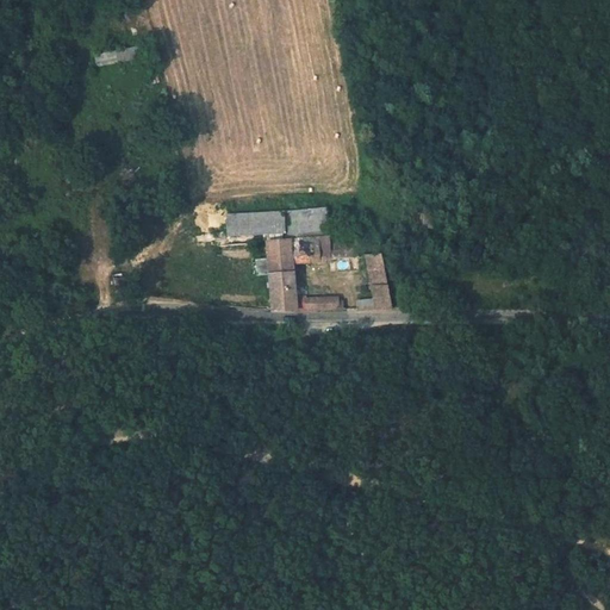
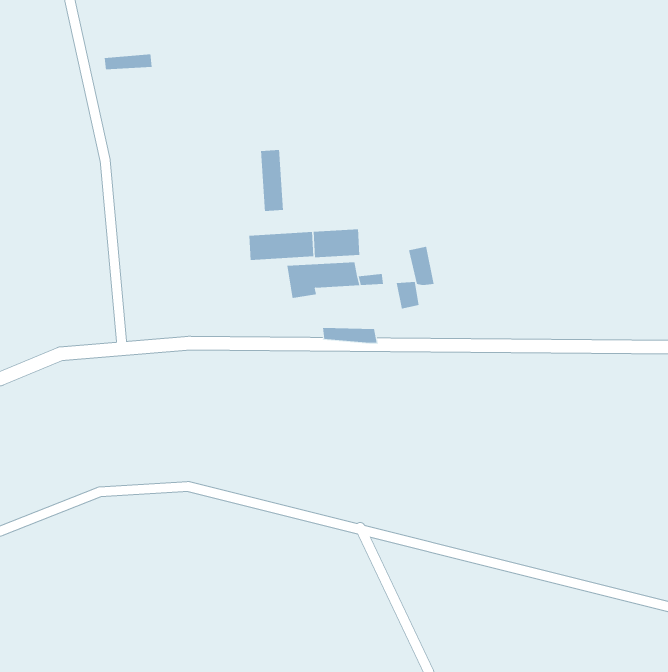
building: none -> [261,149,283,212]
building: [268,267,297,307] -> none
building: [367,276,391,312] -> [408,246,435,286]

